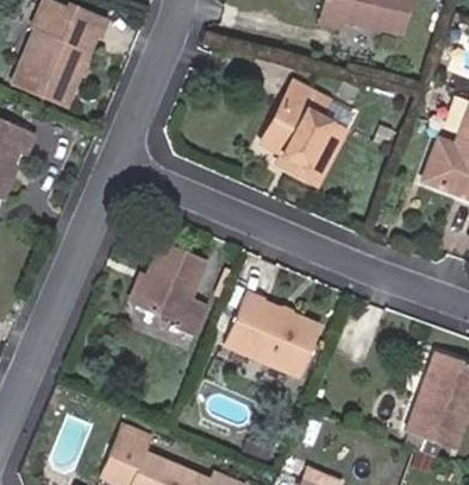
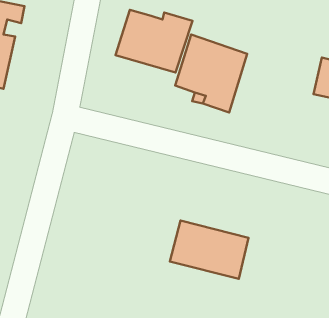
building: none -> [116,10,192,72]
building: [136,241,210,335] -> none

